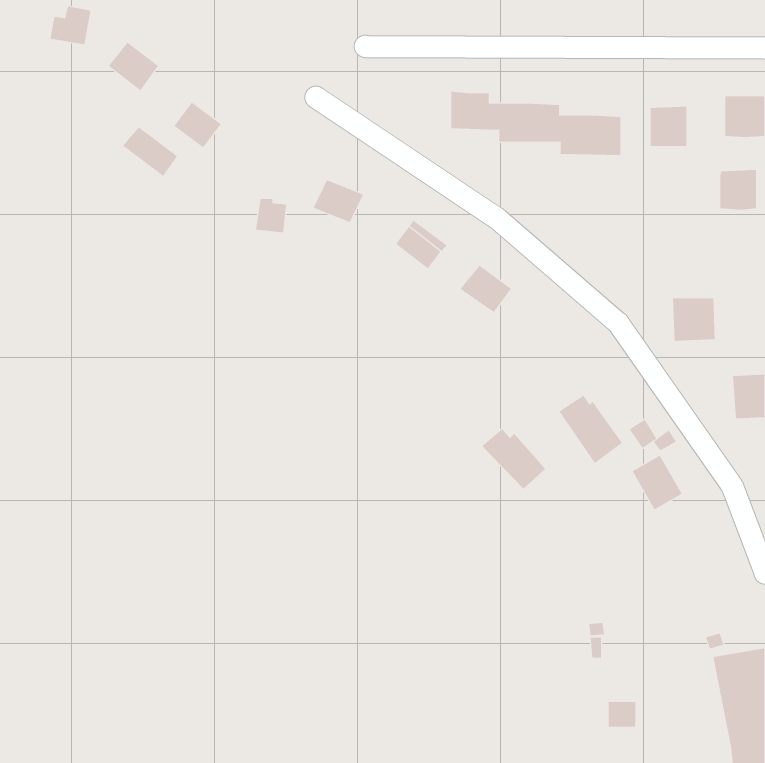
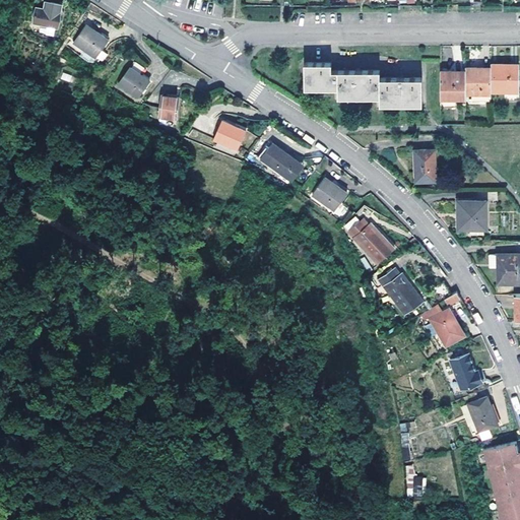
building: [122,126,178,177] -> none
building: [719,170,757,210] -> [466,69,492,96]
building: [255,198,287,233] -> [158,98,180,121]
building: none -> [414,150,434,182]
building: [482,428,546,490] -> [349,220,393,262]
building: none -> [448,353,480,391]
building: none -> [465,389,496,433]

